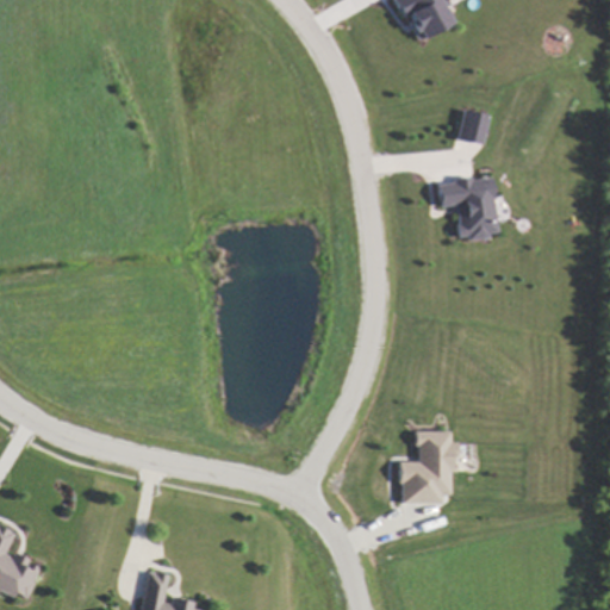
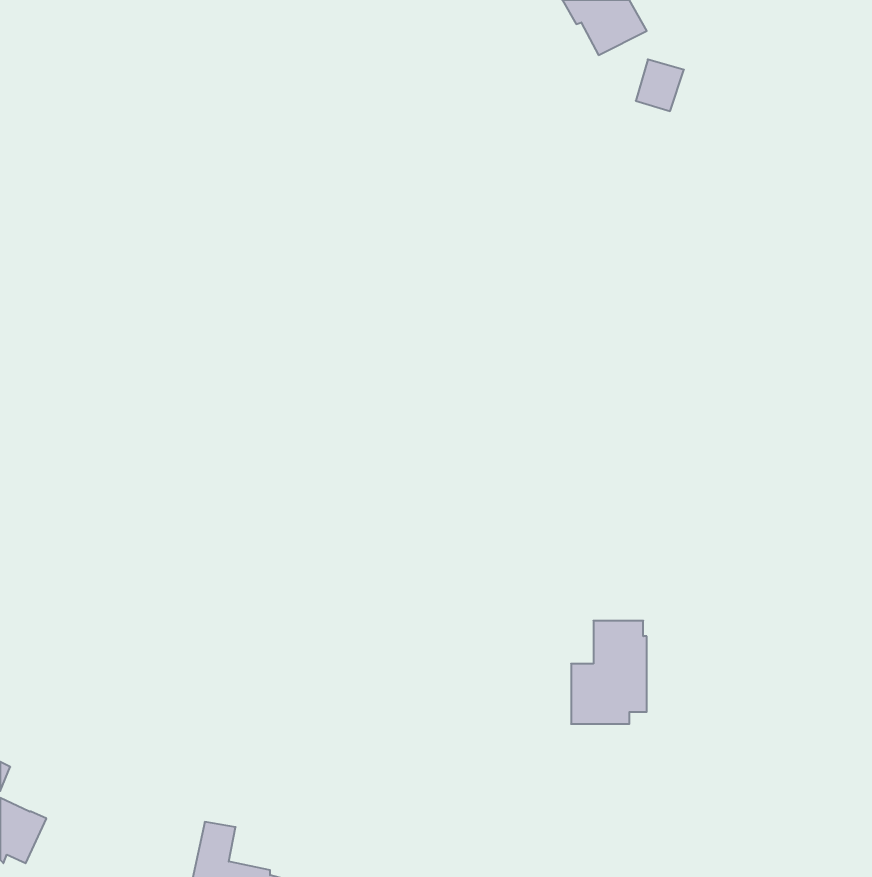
building: [458,108,491,144] -> [636,59,684,111]
building: [438,178,499,241] -> none

